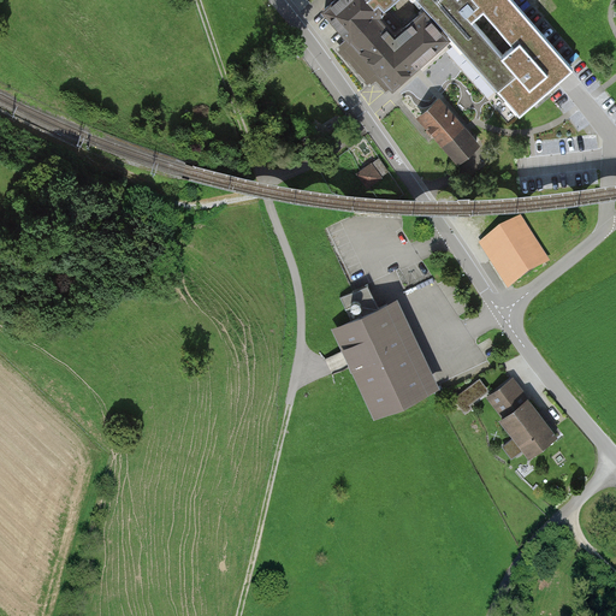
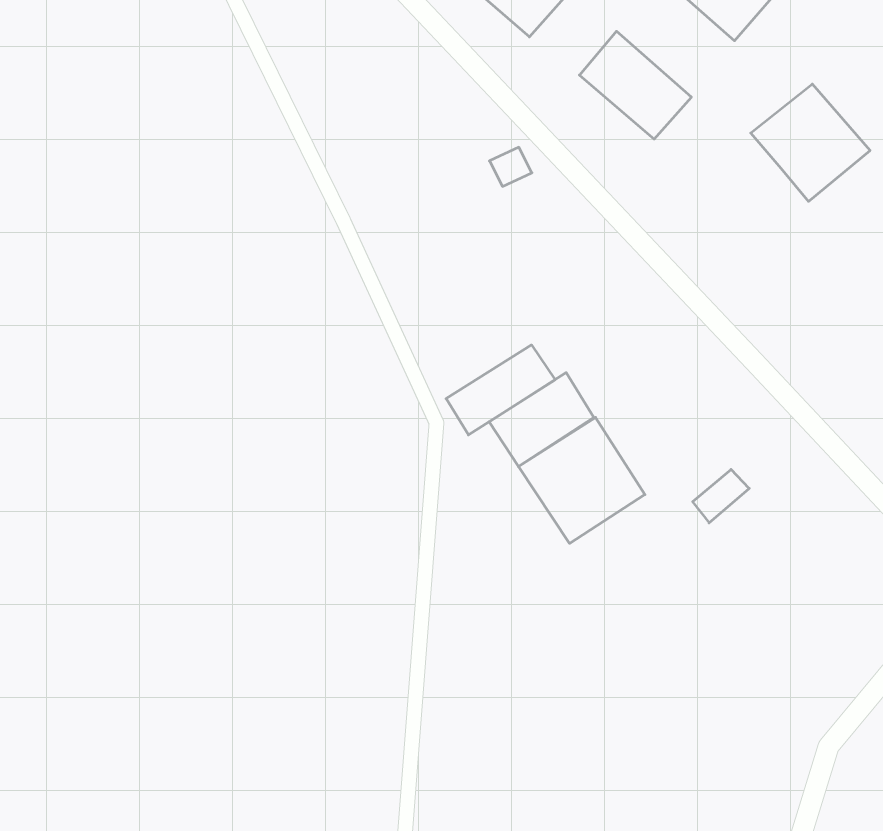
building: [476,215,549,288] -> [751,84,870,201]
building: none -> [446,345,555,435]
building: [486,379,558,461] -> none

